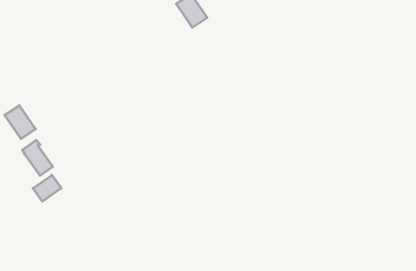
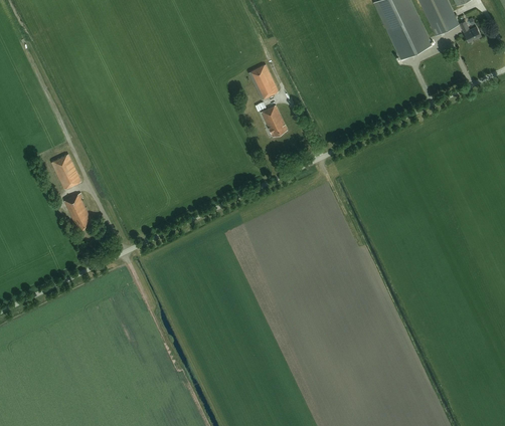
building: none -> [261,105,287,137]
building: [33,175,61,201] -> none

